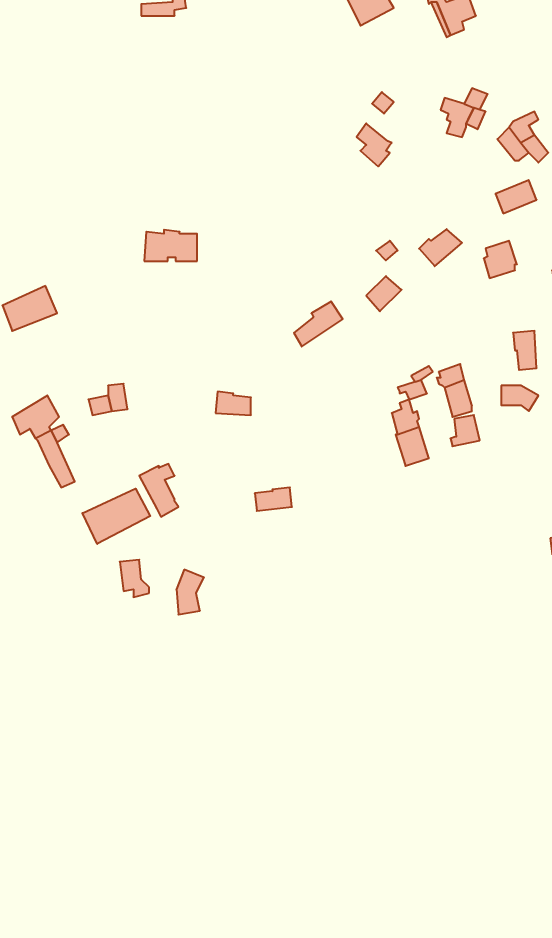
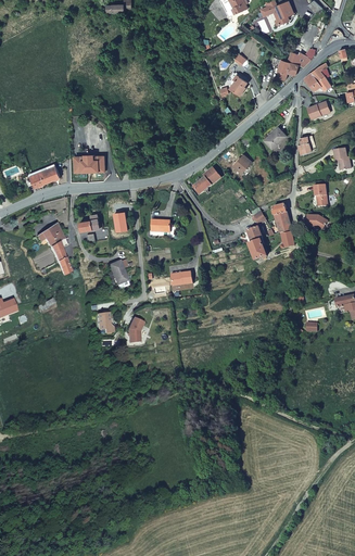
building: [144,230,197,261] -> [75,154,104,172]
building: [82,489,150,544] -> none

